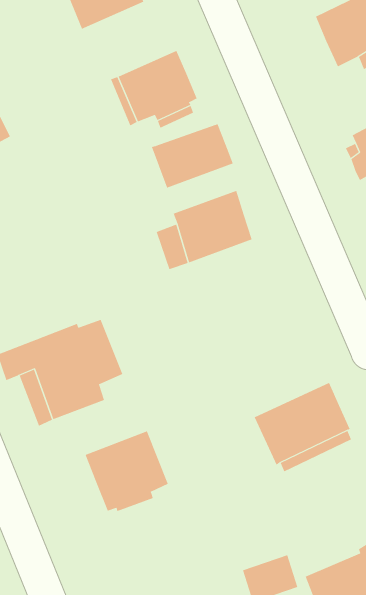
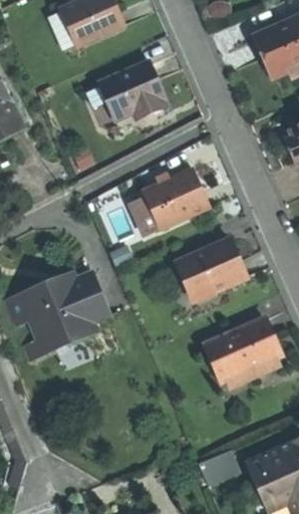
building: [151,123,234,188] -> none
building: none -> [180,234,248,295]
building: [85,431,169,512] -> none

